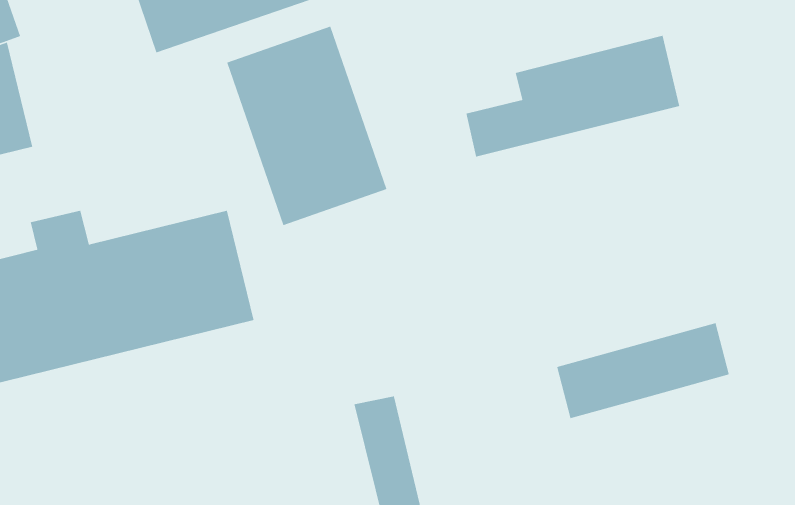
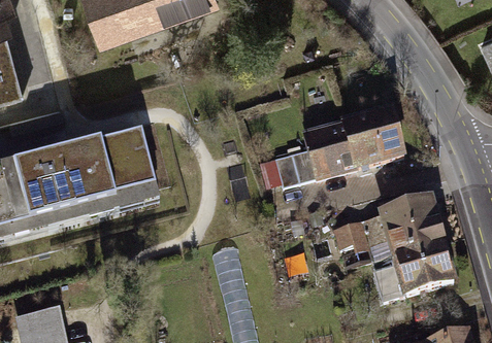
building: [226,26,388,226] -> none
building: [465,35,680,157] -> [271,114,401,188]
building: none -> [376,233,456,294]

